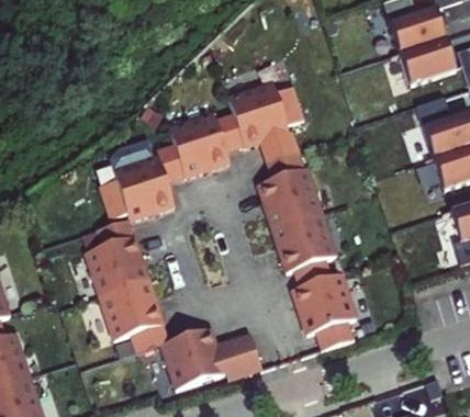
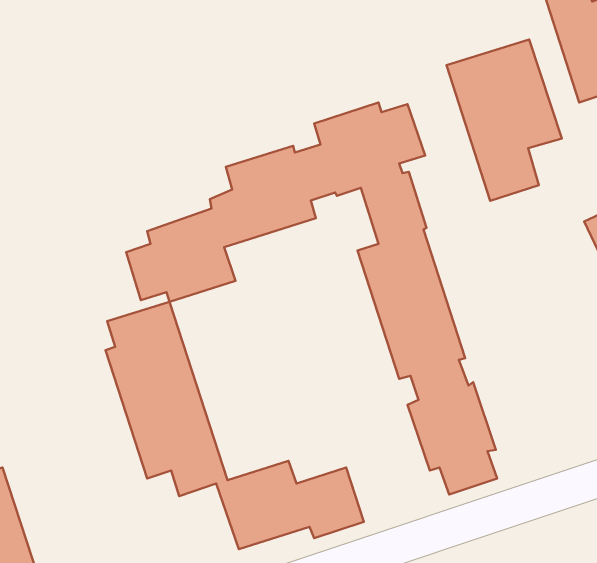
building: none -> [447,40,562,201]

